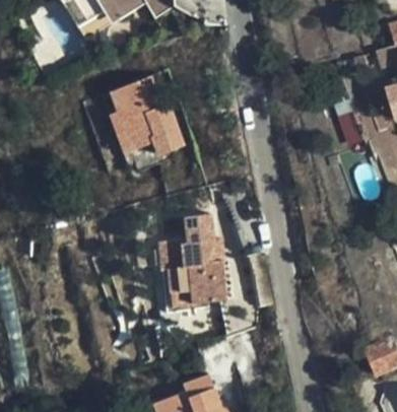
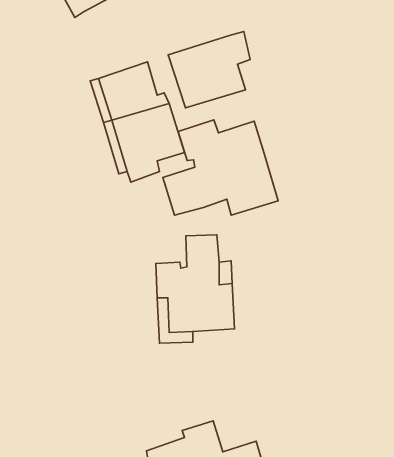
building: none -> [168,31,250,108]
building: none -> [163,120,278,215]

